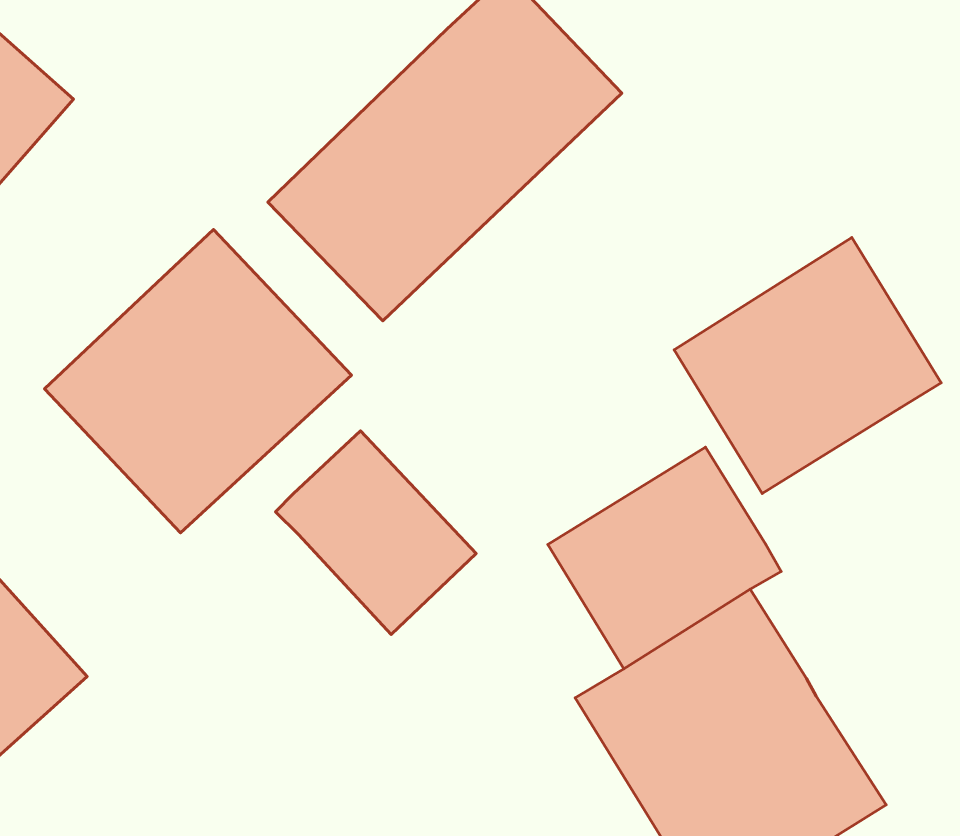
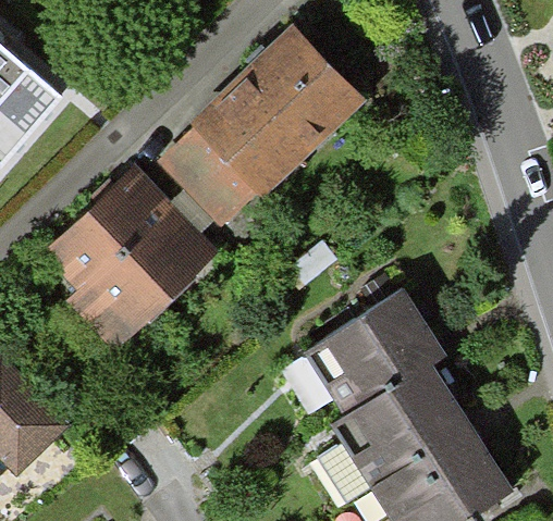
building: [674,237,941,493] -> none
building: [276,431,476,634] -> none

